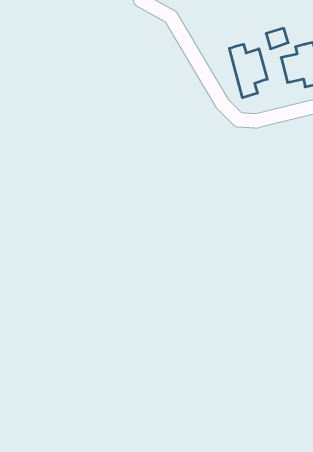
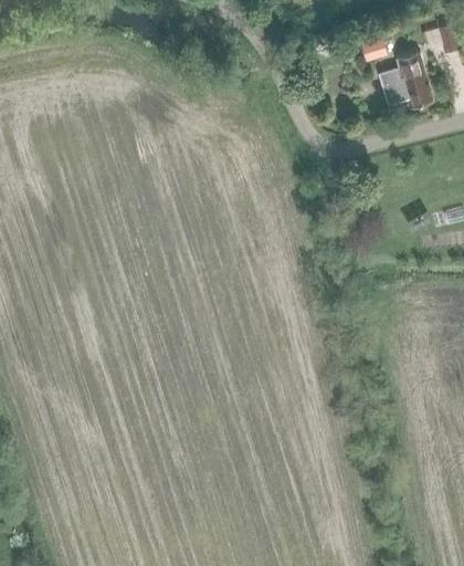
building: [229,44,267,98] -> none

